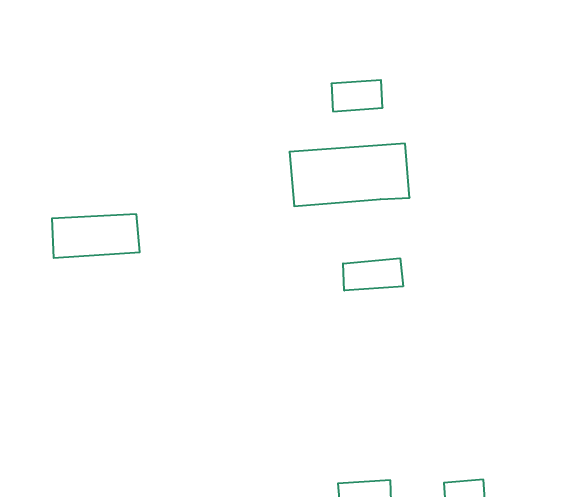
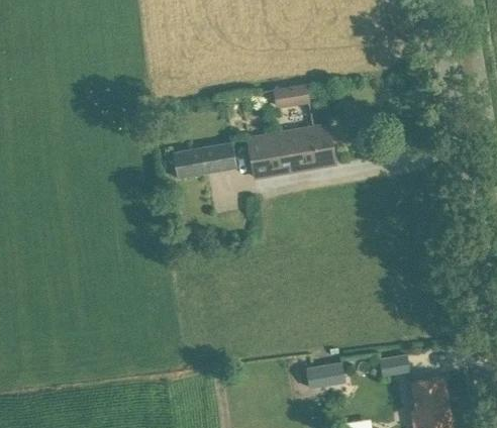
building: [52,214,140,258] -> [173,142,236,179]
building: [343,258,403,291] -> none

